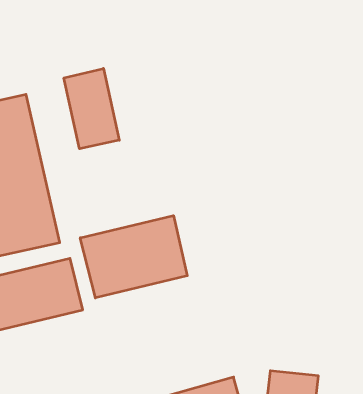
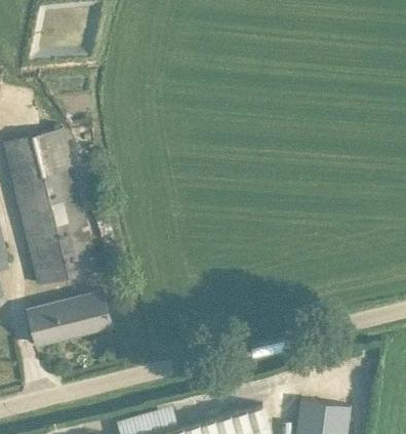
building: [64,68,119,149] -> none
building: [80,216,187,298] -> none

